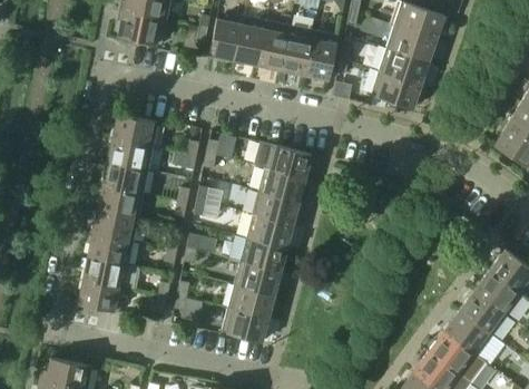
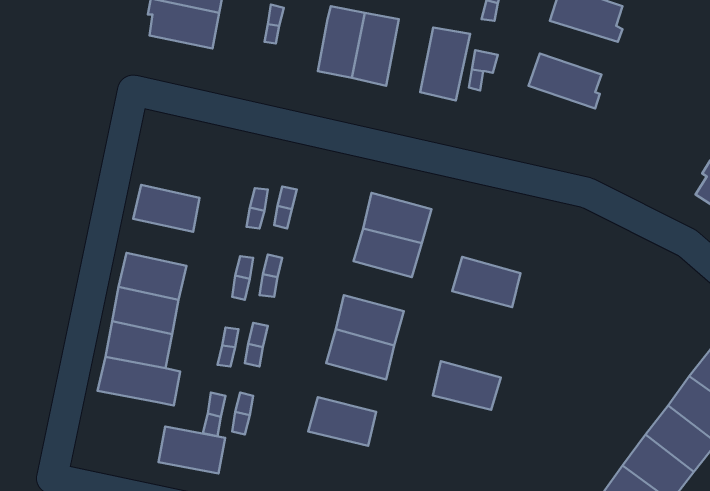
building: [209,20,241,61] -> none
building: [281,26,313,76] -> none
building: [386,27,440,64] -> none
building: [371,71,424,109] -> none
building: [112,115,158,148] -> none
building: [102,163,148,195] -> none
building: [252,192,298,226] -> [452,257,520,307]
building: [234,262,281,295] -> [433,361,501,410]
building: [78,281,124,313] -> [159,426,225,473]
building: [222,309,268,343] -> none

